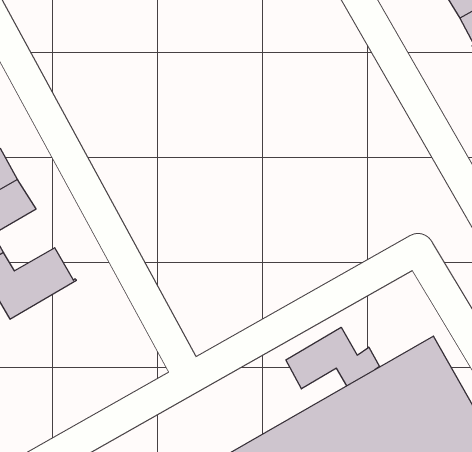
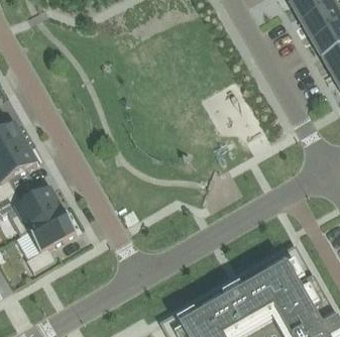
building: none -> [20,208,76,270]
building: [286,327,380,389] -> none

